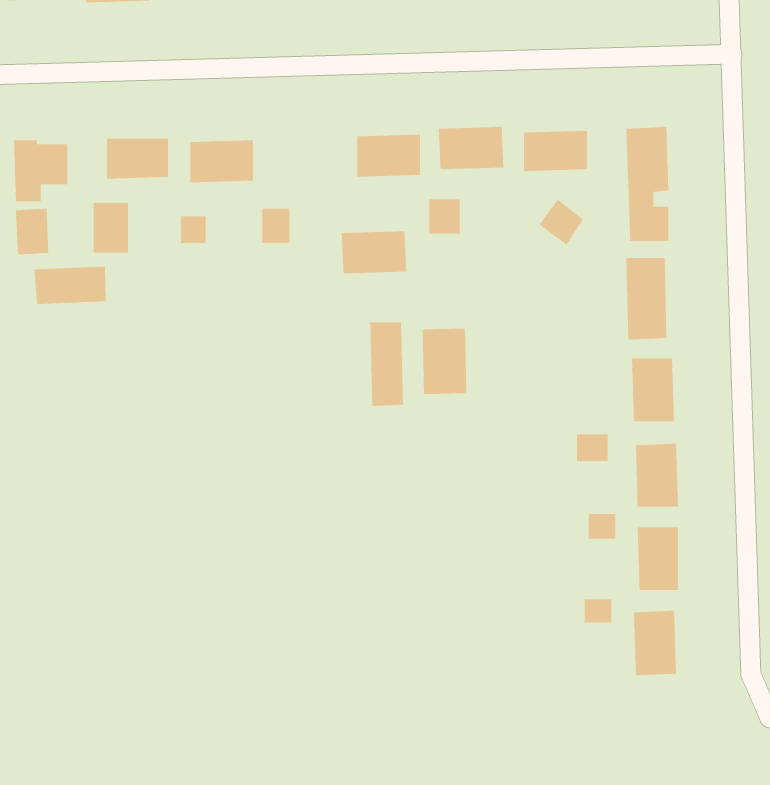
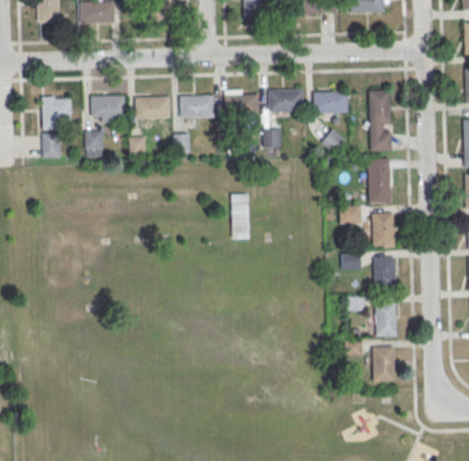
building: [341,230,407,274] -> [179,95,214,118]
building: [34,266,107,305] -> none
building: [422,328,467,395] -> none

